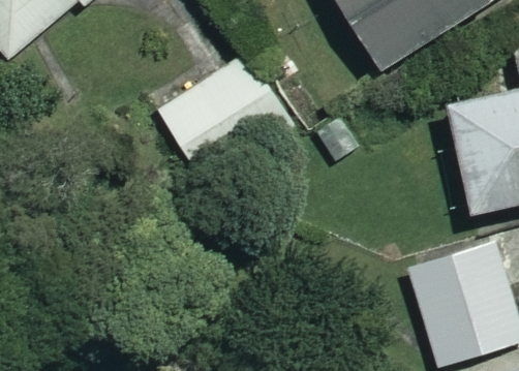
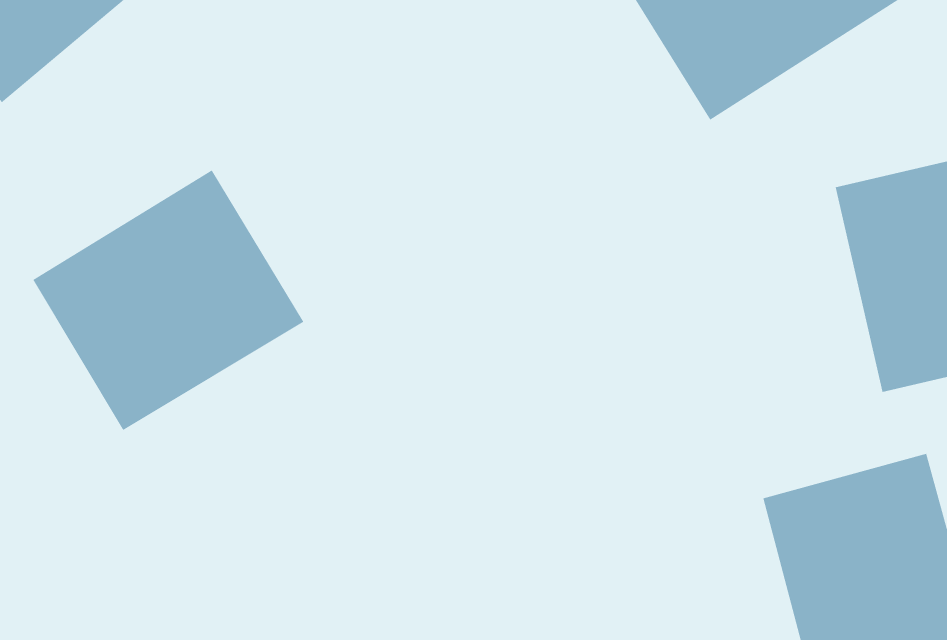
building: [159,57,289,178] -> none
building: none -> [32,169,304,431]

